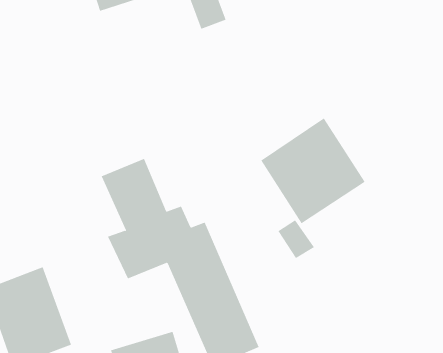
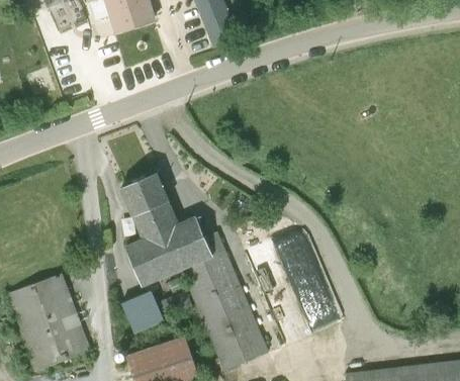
building: [261,118,366,224] -> none
building: none -> [120,289,164,335]

